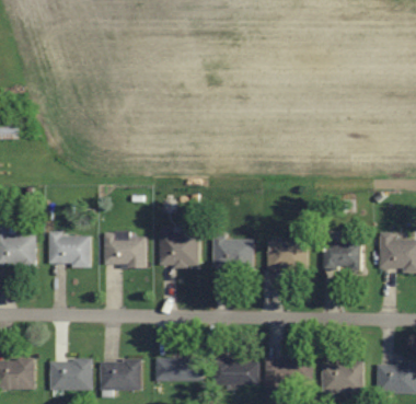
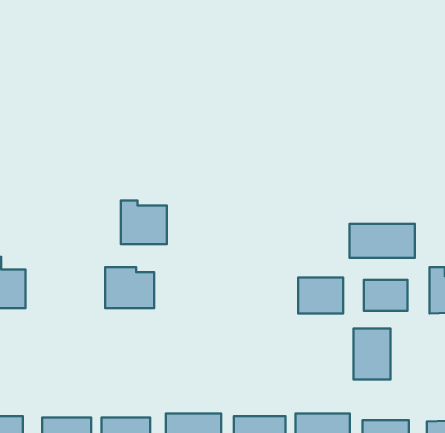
building: none -> [350,224,415,258]
building: [160,228,199,265] -> [121,200,167,244]
building: [49,234,91,266] -> none
building: [213,238,254,268] -> none
building: none -> [354,329,390,379]

